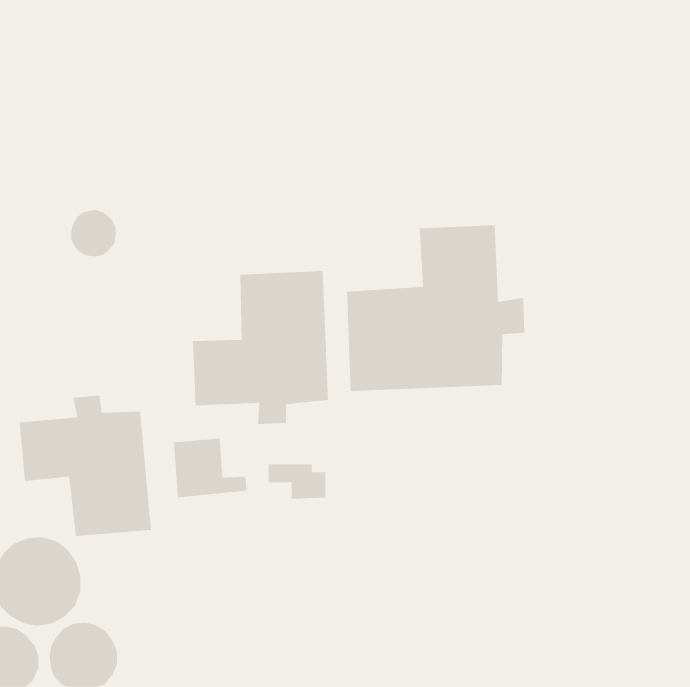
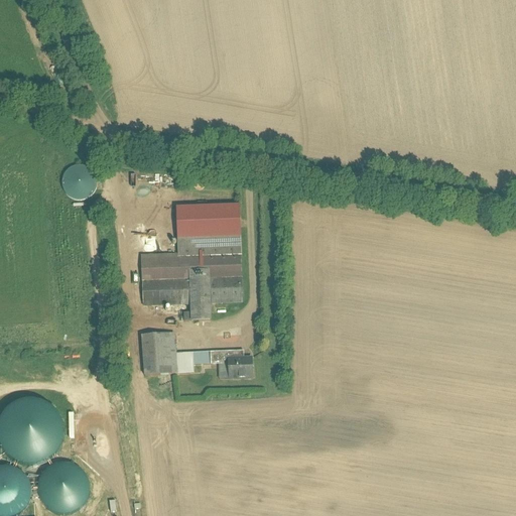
building: [347,225,525,392] -> none
building: [19,395,151,537] -> none

